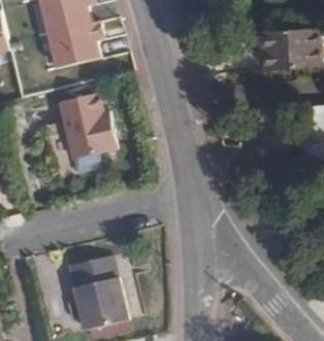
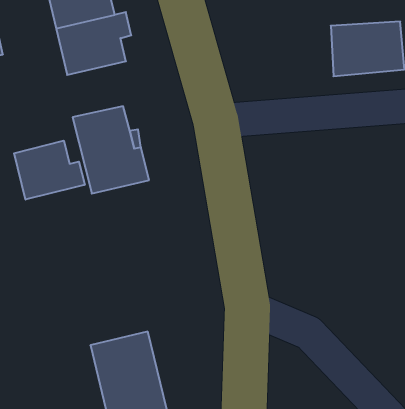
building: none -> [14,141,85,200]

